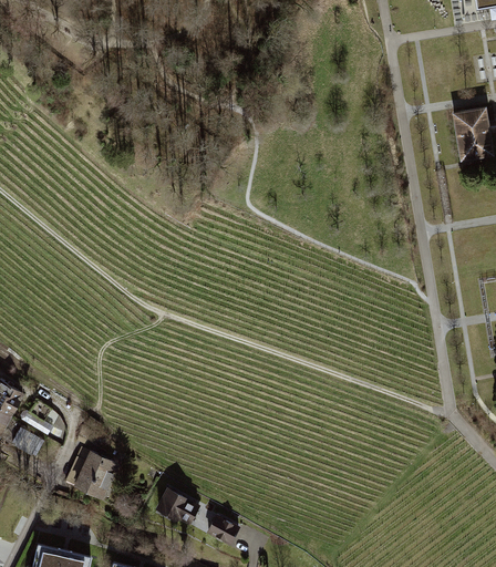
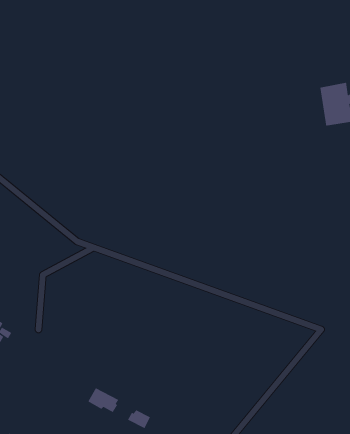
building: [75,452,113,495] -> none

